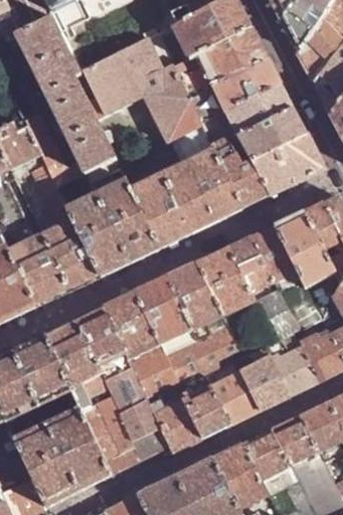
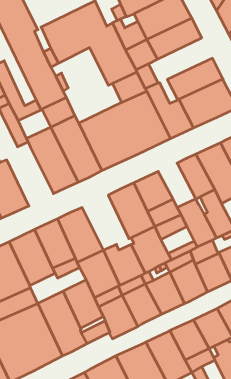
building: [226,84,294,136] -> none
building: [41,219,99,291] -> none
building: [227,238,274,293] -> none
building: [134,278,191,345] -> none
building: [69,373,111,410] -> none

